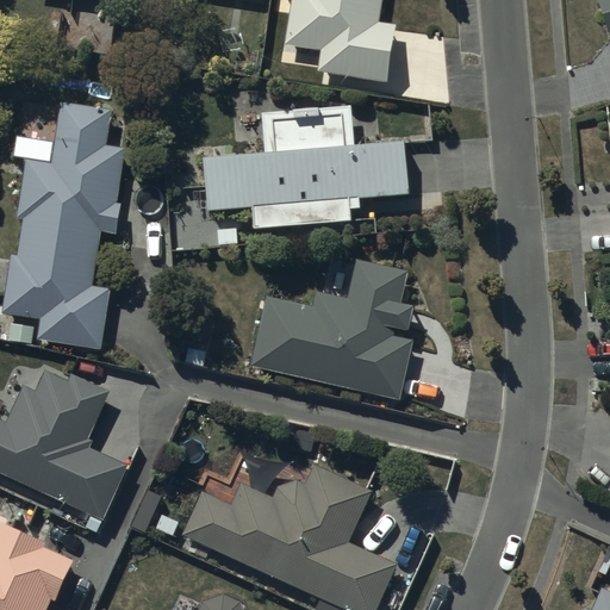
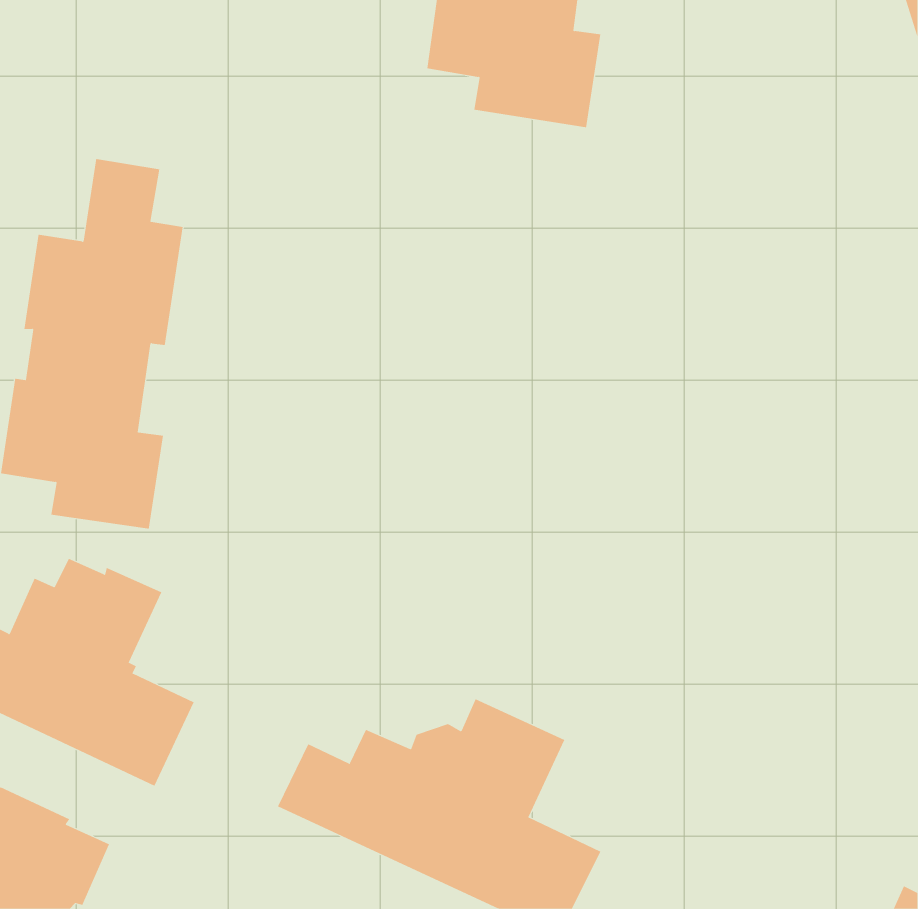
building: [204,107,407,230] -> none
building: [251,260,413,398] -> none

